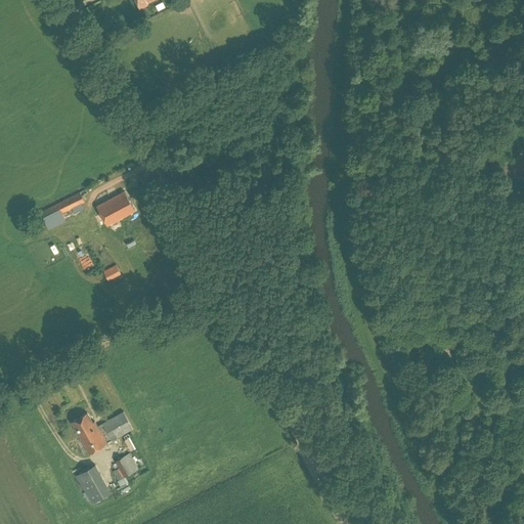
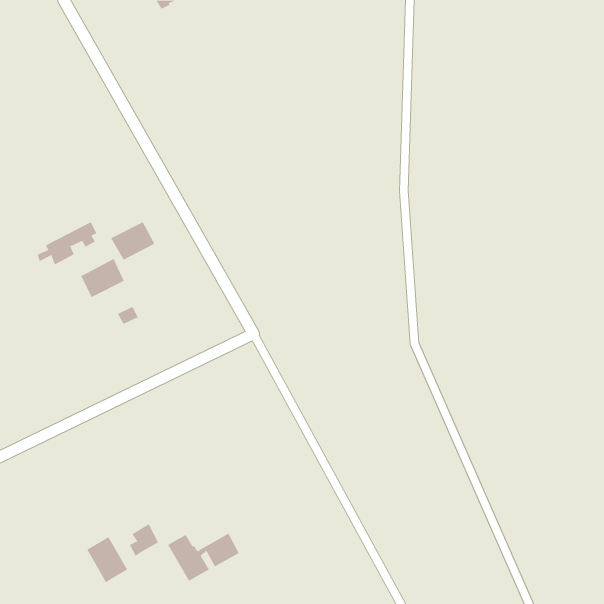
building: none -> [80,258,124,298]
building: [70,412,132,454] -> [167,533,239,581]

